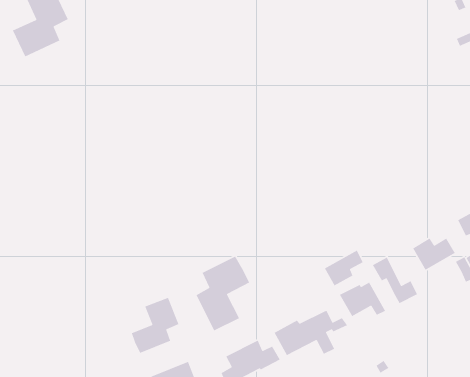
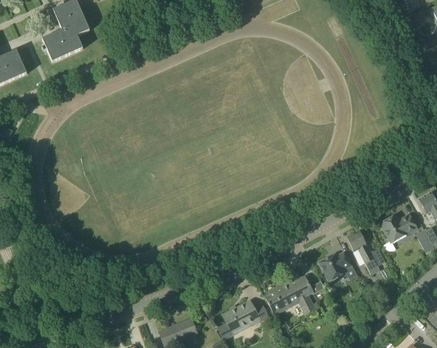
building: [324,250,364,286] -> none
building: [196,256,250,331] -> none
building: [131,297,179,354] -> none

